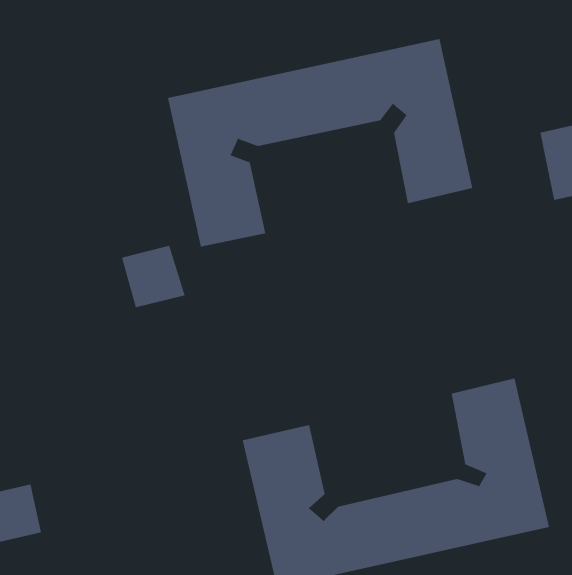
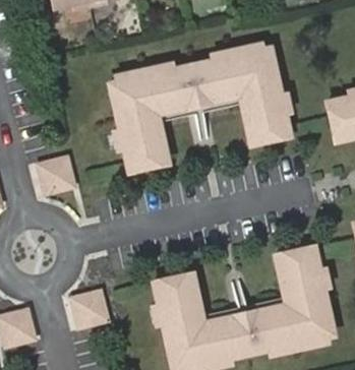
building: [121,245,186,308] -> [39,157,76,193]
building: none -> [74,290,110,325]

